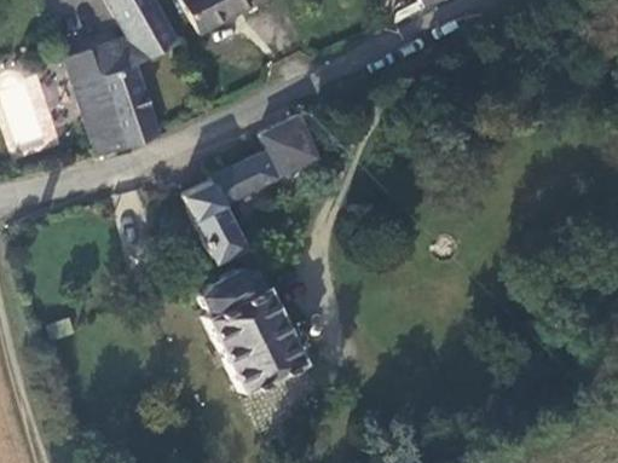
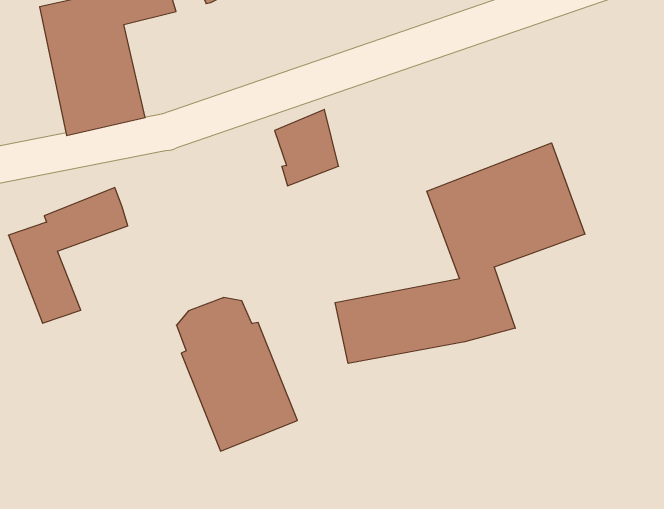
building: none -> [335,143,585,363]
building: [184,147,277,260] -> [8,188,128,323]

